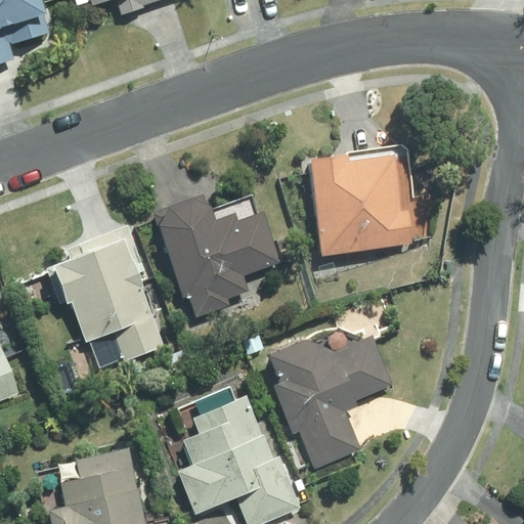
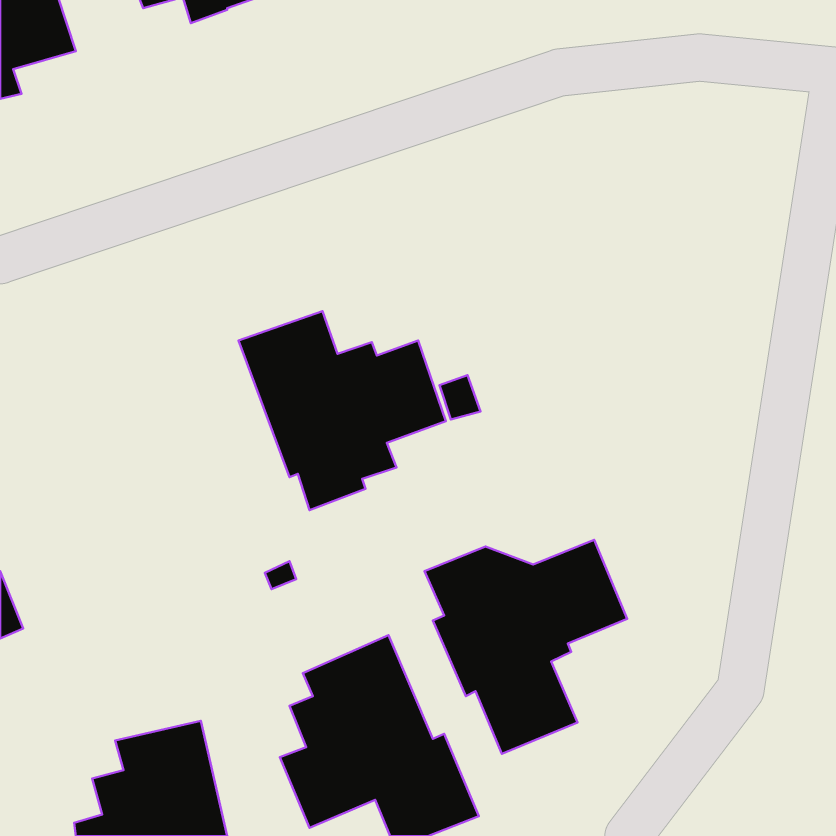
building: [307,155,412,256] -> none
building: [47,225,164,361] -> none

